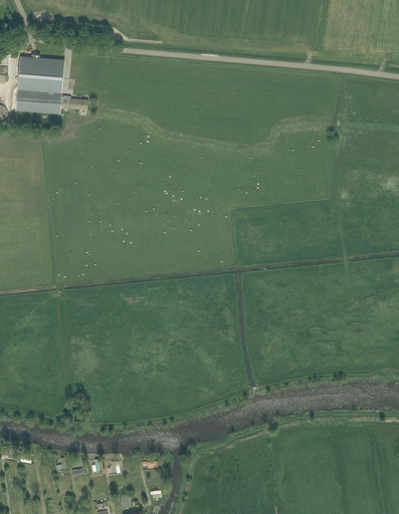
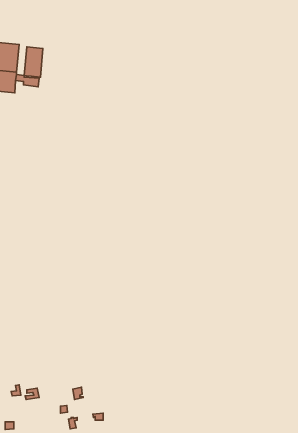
building: none -> [24,47,43,77]

